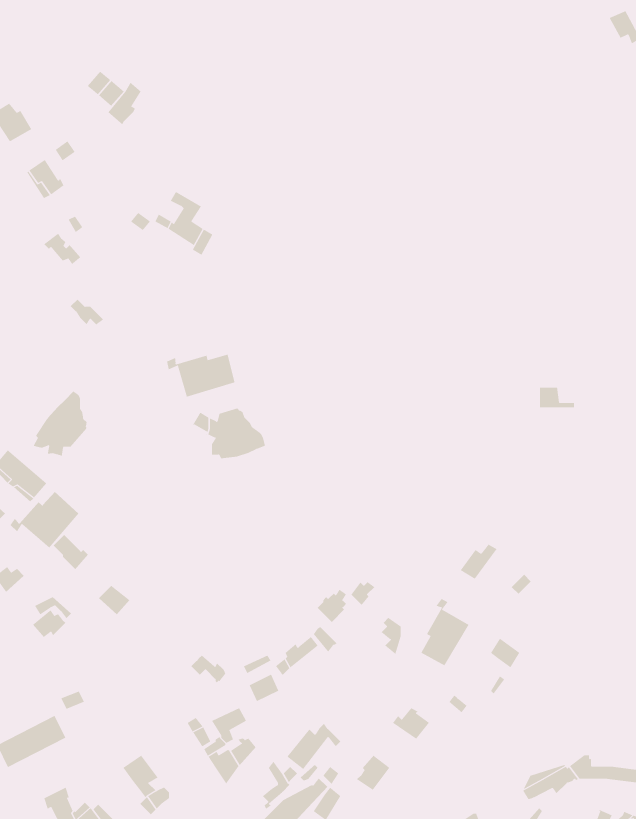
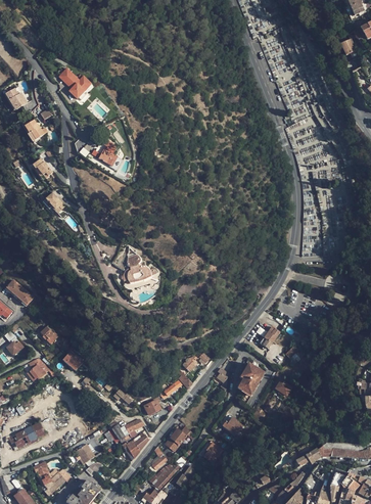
building: [166,354,235,398] -> none
building: [33,391,87,456] -> none
building: [10,491,79,549] -> none

